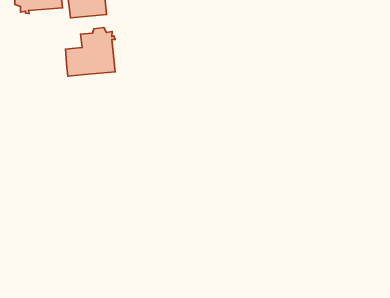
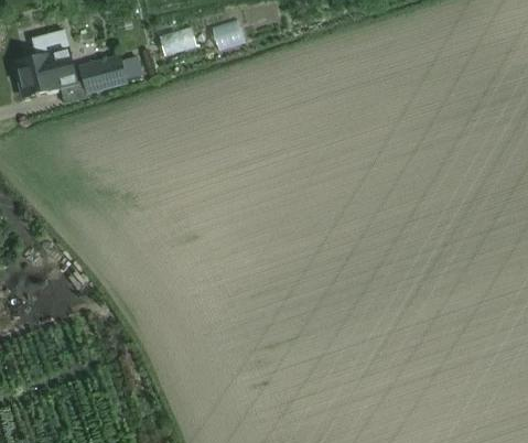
building: [65,27,115,76] -> none

